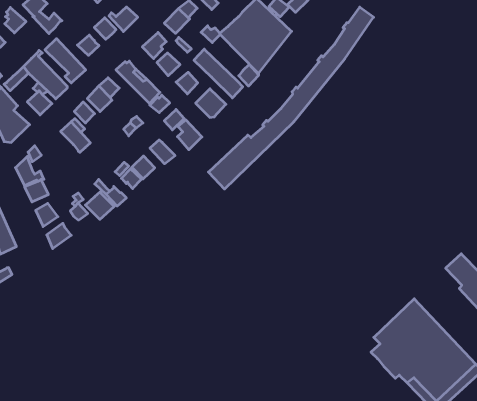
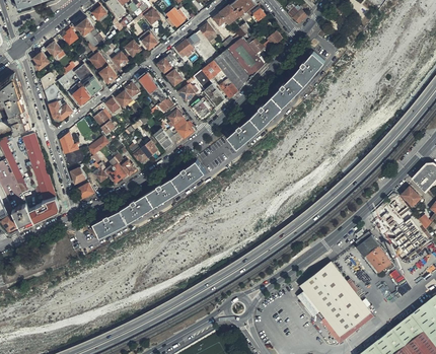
building: none -> [94,160,205,235]

